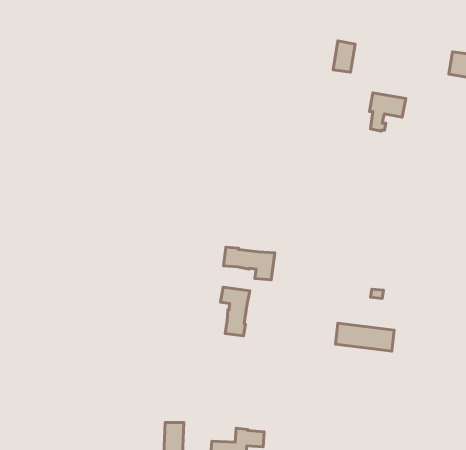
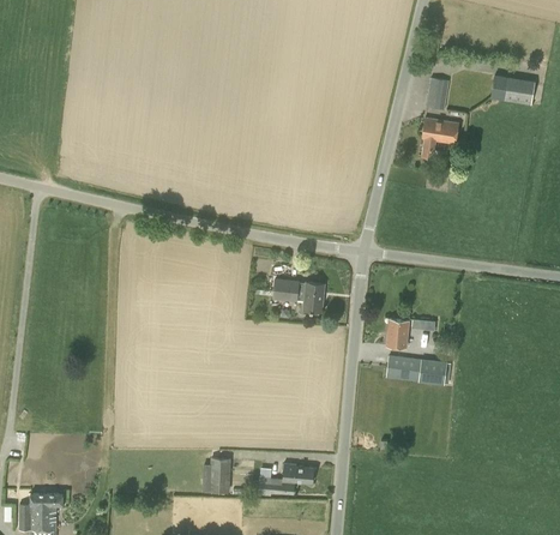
building: [333,41,355,72] -> [426,77,448,109]
building: [220,287,250,336] -> none
building: none -> [386,319,409,347]

